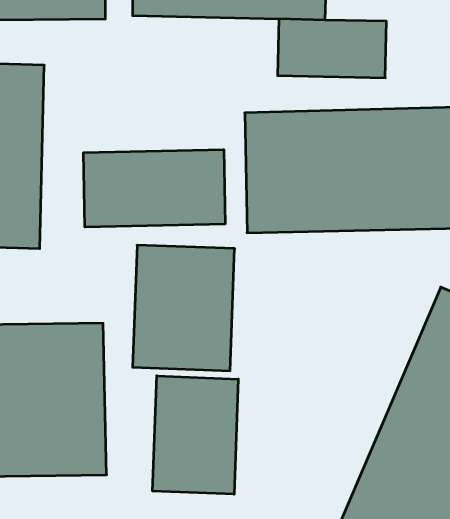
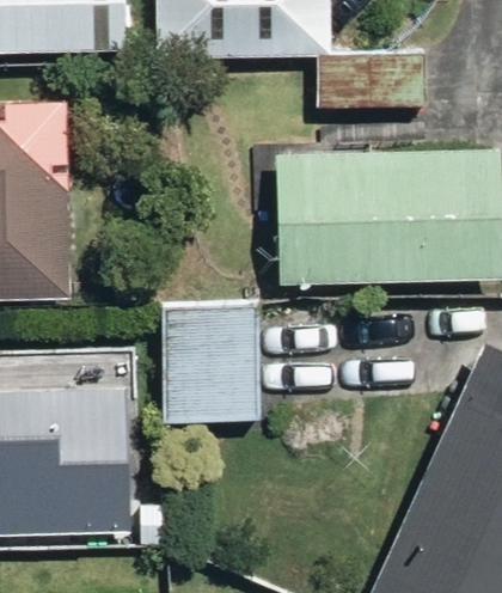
building: [84,150,225,227] -> none
building: [153,376,238,494] -> none

